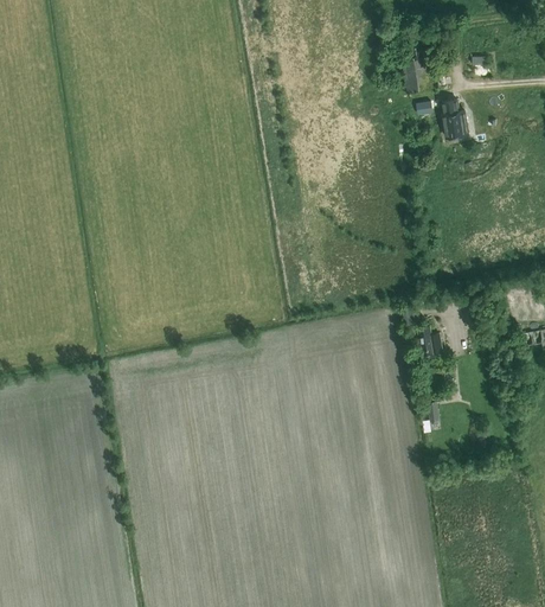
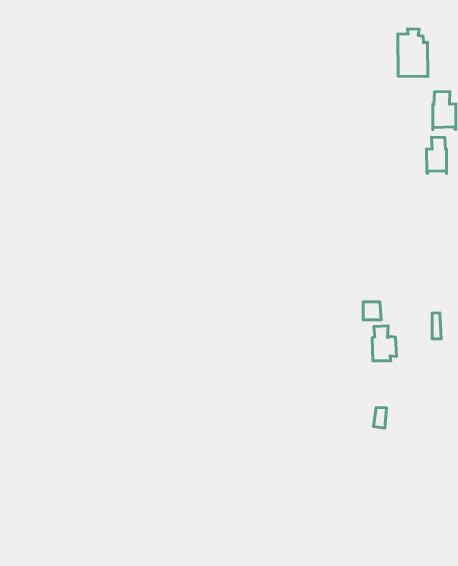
building: none -> [427,137,447,174]

